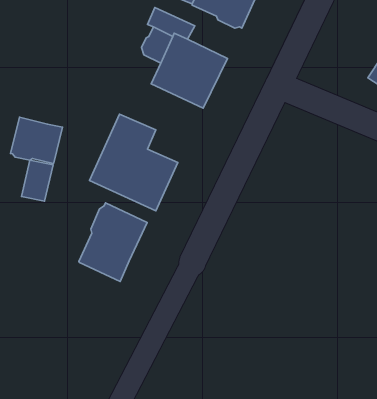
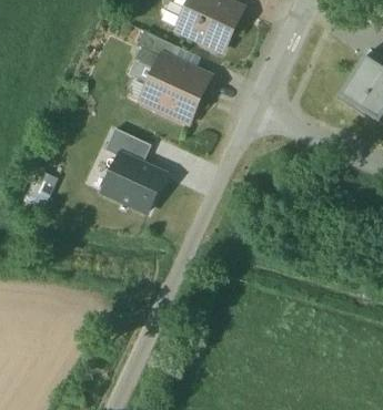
building: [10,117,62,164] -> none
building: [79,203,147,281] -> none

